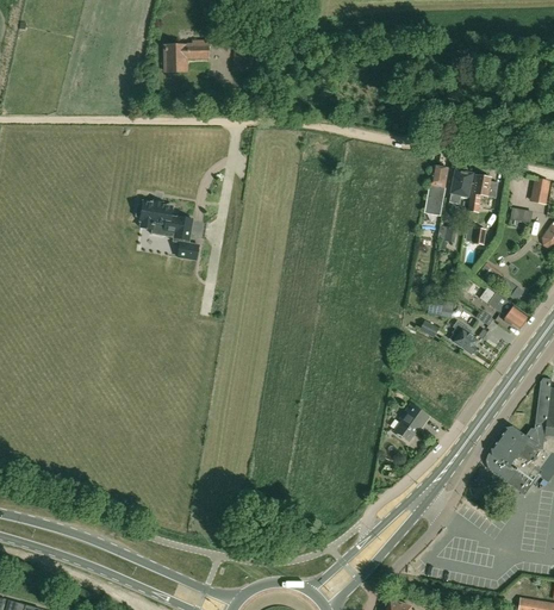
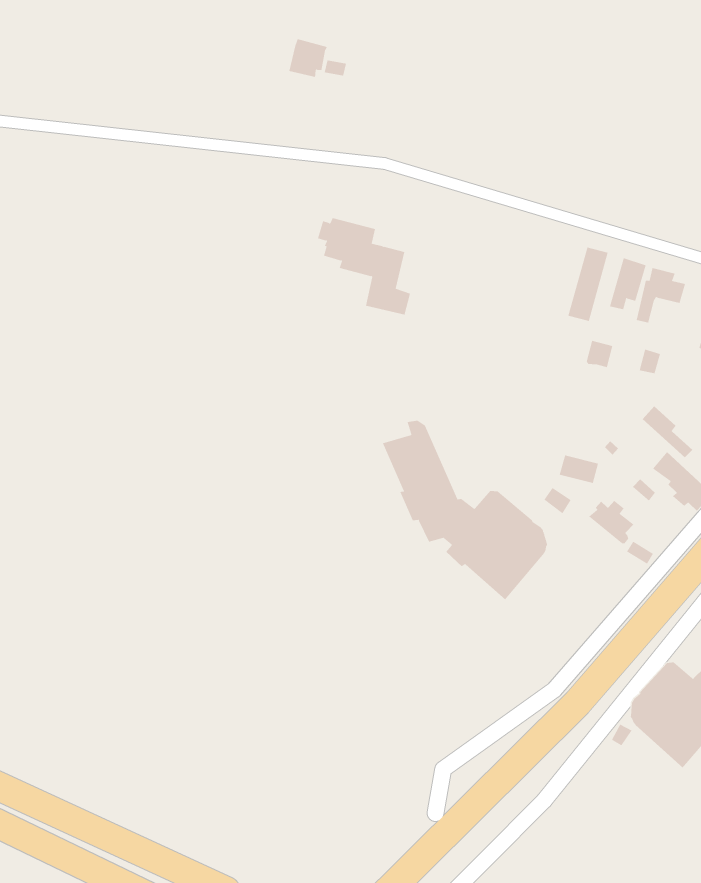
building: [167,41,210,71] -> none
building: [136,201,199,260] -> [317,217,411,315]
building: none -> [382,420,548,600]
building: [396,404,429,441] -> none

